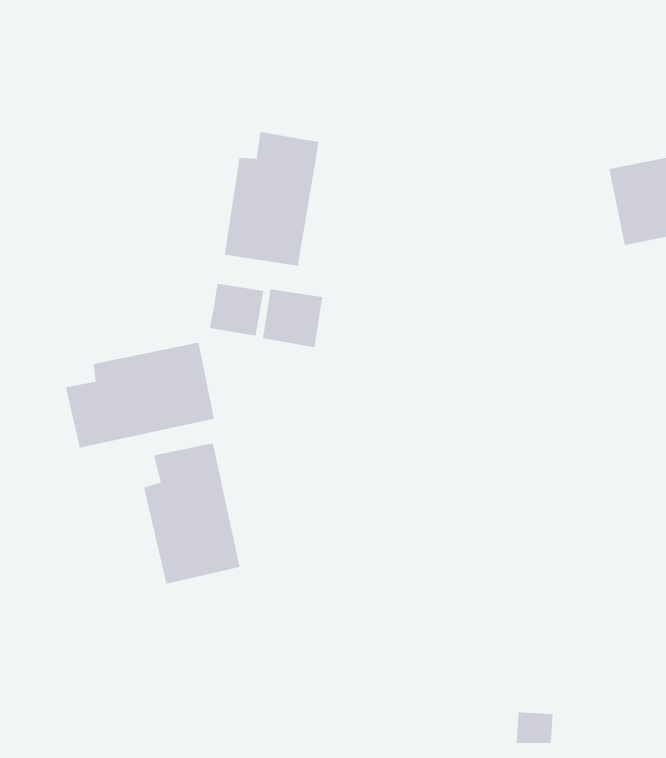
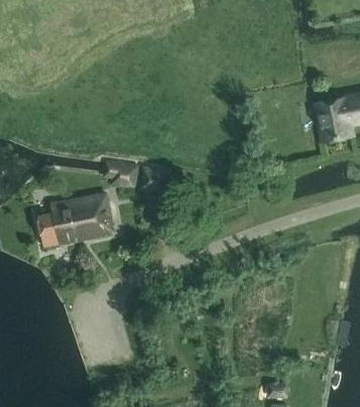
building: [224,131,319,267] -> none
building: [144,442,240,584] -> none

